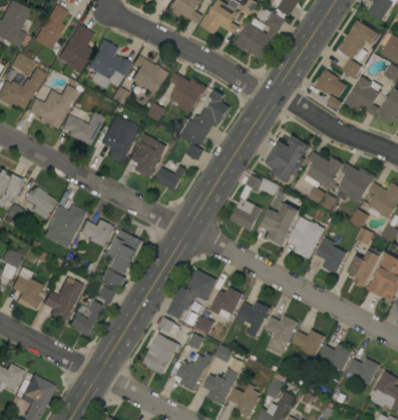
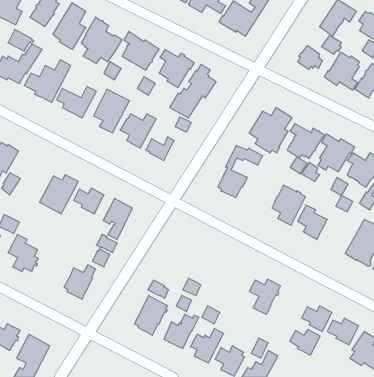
building: [23,186,54,219] -> none
building: [261,190,300,246] -> none
building: [348,247,381,287] -> none
building: [166,270,217,320] -> none
building: [42,276,82,323] -> none
building: [210,287,243,319] -> none
building: [235,302,270,337] -> none
building: [293,330,325,357] -> [290,329,320,355]

